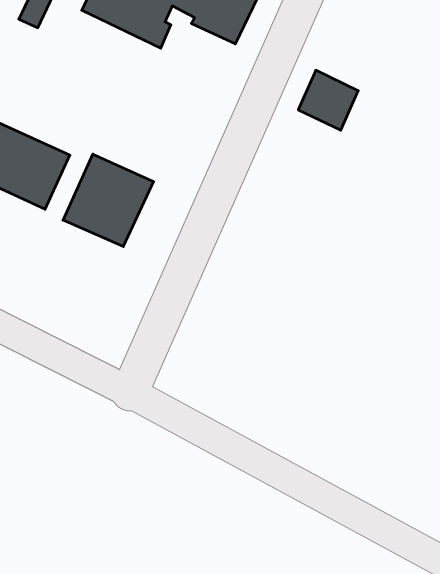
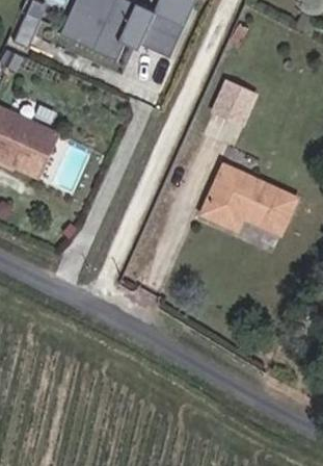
building: [63,154,154,247] -> none
building: none -> [200,165,294,232]

